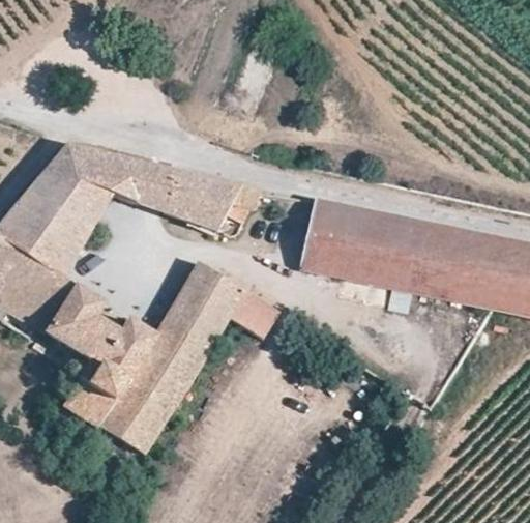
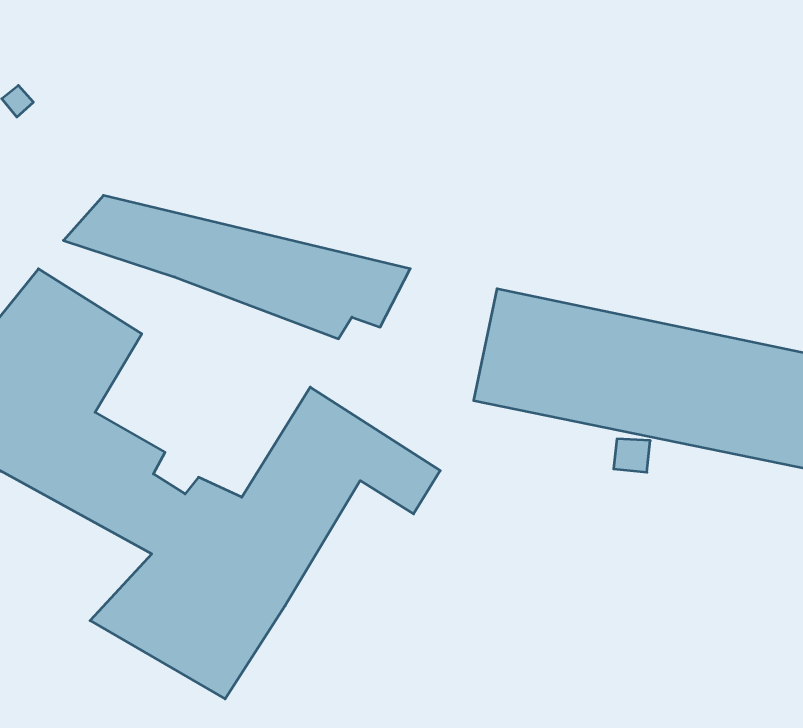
building: [29,169,114,227] -> none

